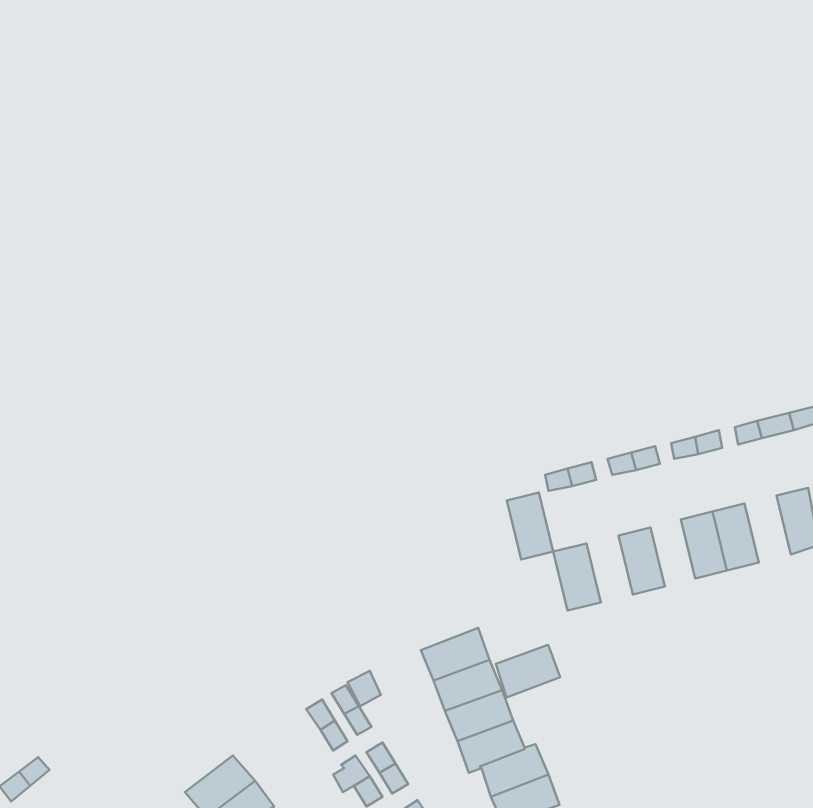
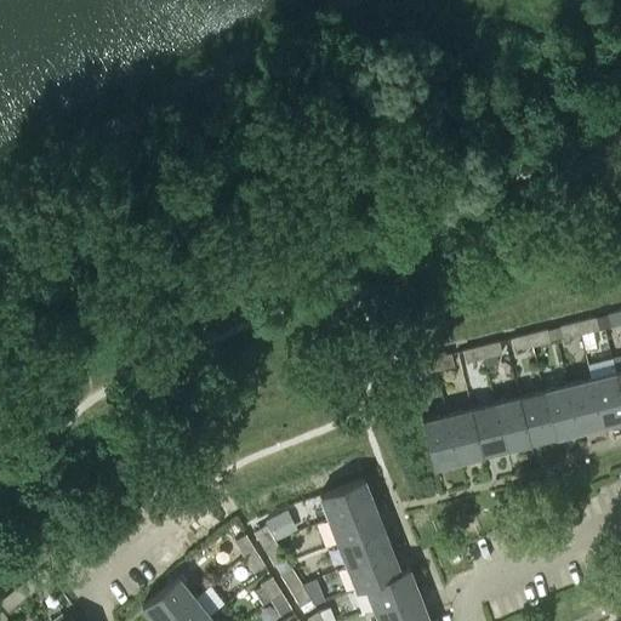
building: [507,492,553,559] -> [448,412,483,463]
building: none -> [568,382,603,433]
building: none -> [496,400,530,451]
building: [496,645,560,697] -> none

